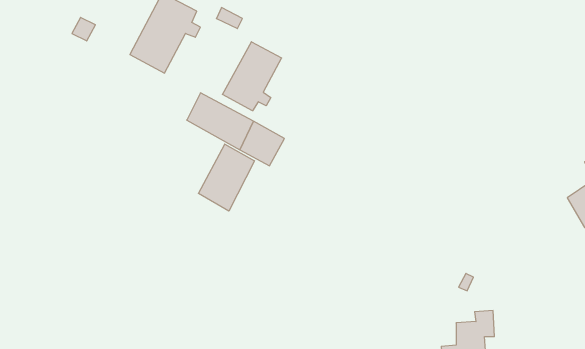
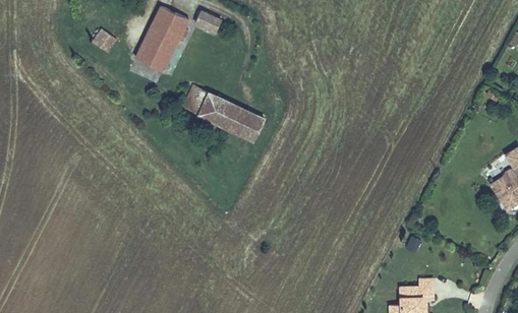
building: [222,42,282,111] -> none
building: [198,144,254,211] -> none

